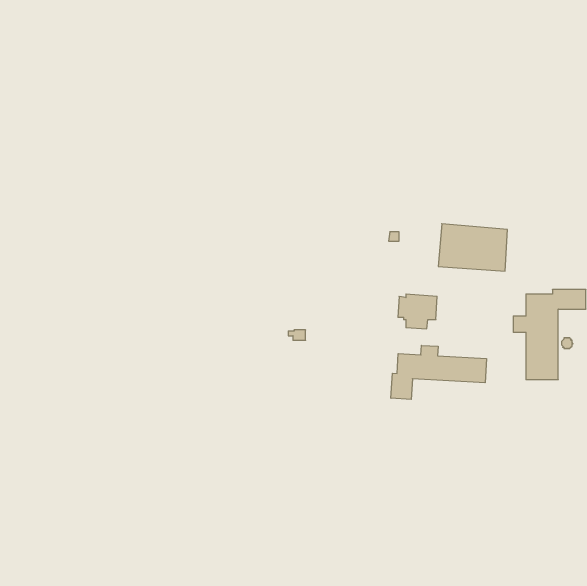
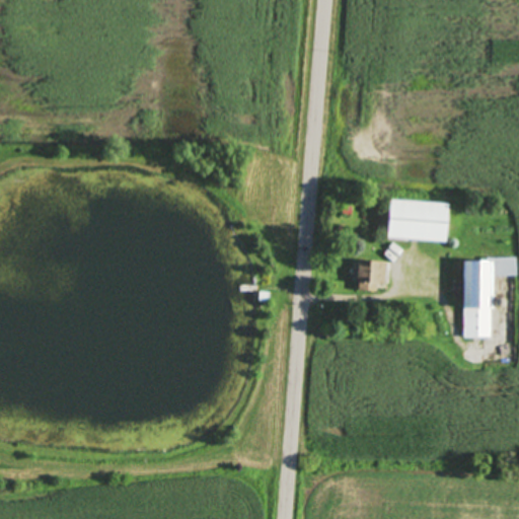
building: [391,345,486,399] -> none

